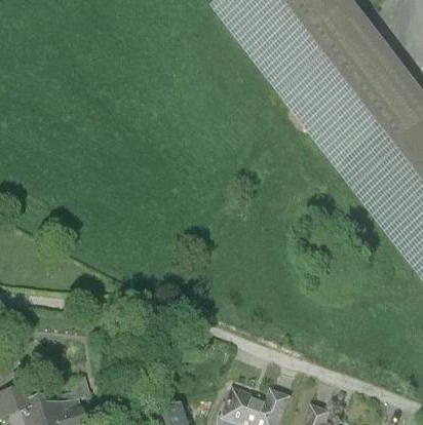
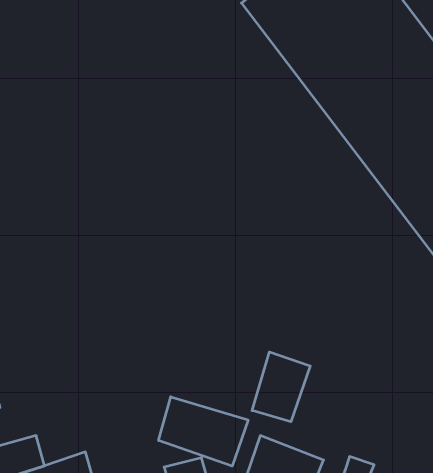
building: none -> [252,352,310,422]
building: none -> [159,397,248,466]

